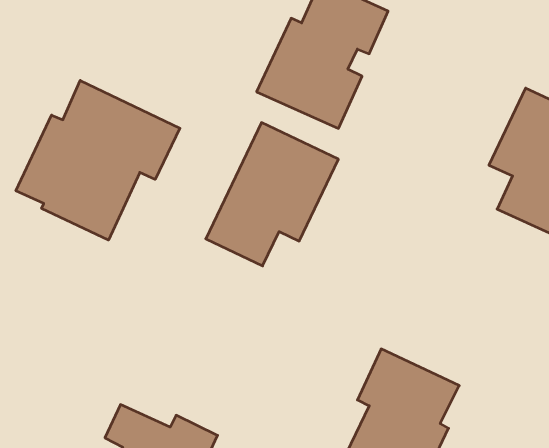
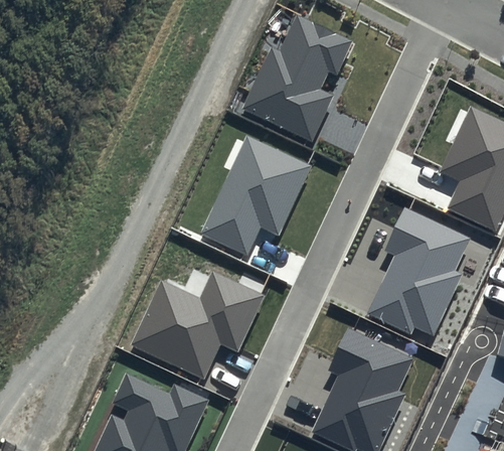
building: [16,80,180,240] -> none
building: none -> [367,208,471,335]
building: none -> [130,272,266,381]

